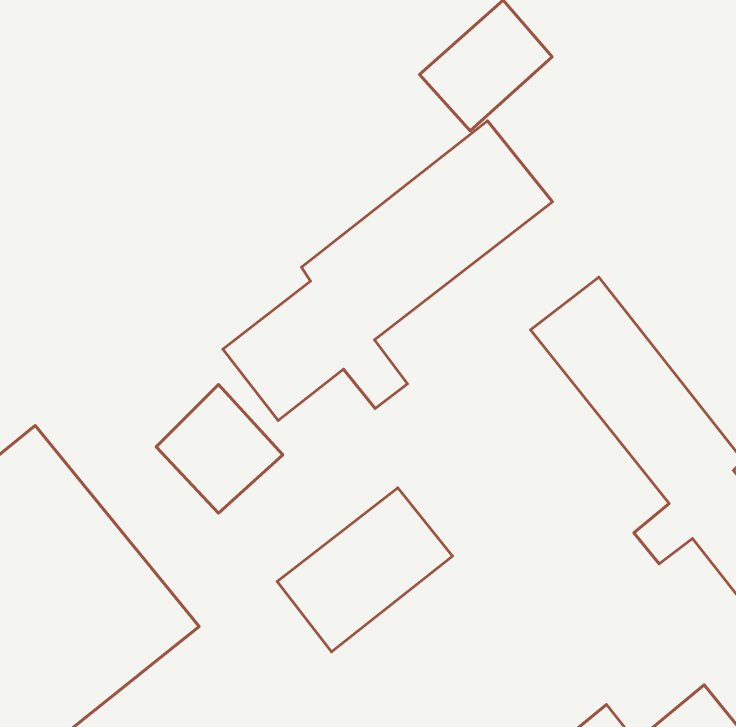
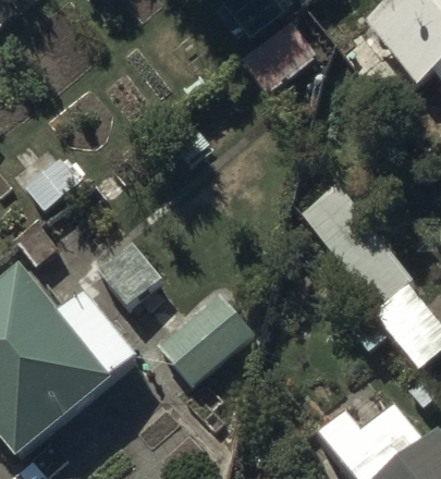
building: [223,121,552,421] -> none

